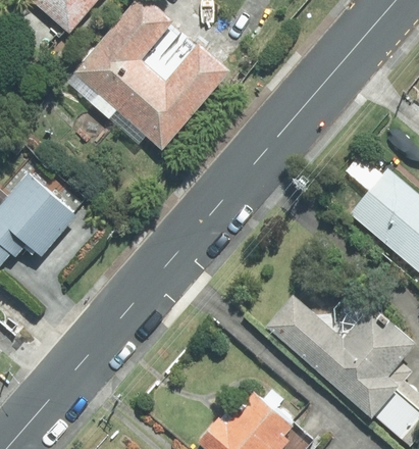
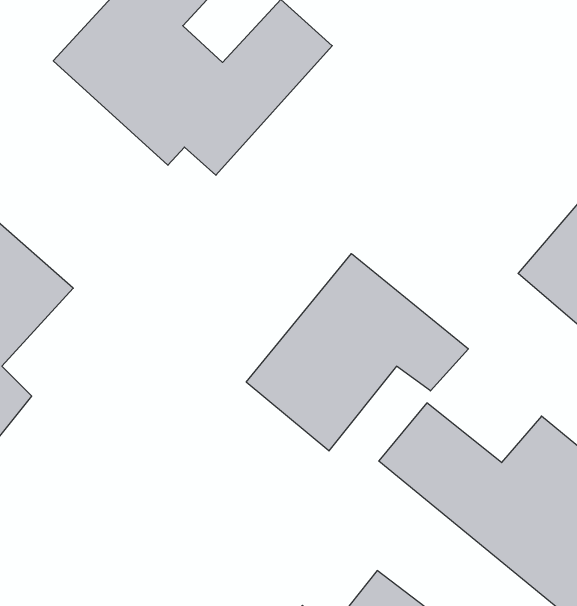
building: none -> [246,254,468,451]

